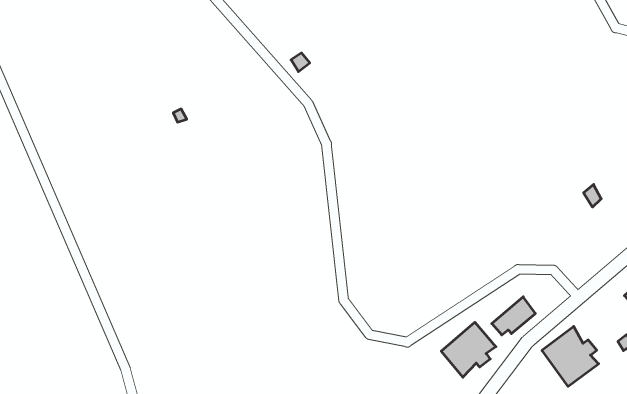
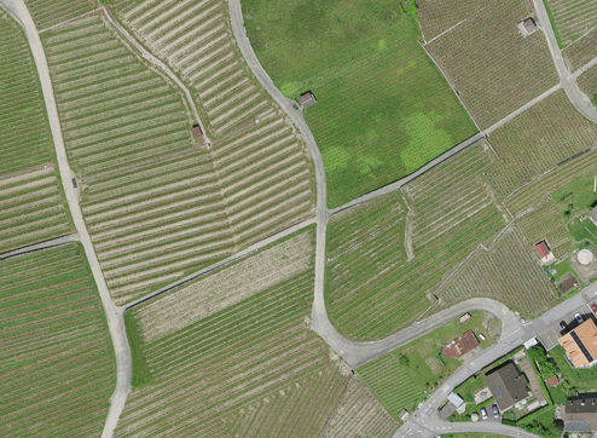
building: [441,322,496,377] -> none

